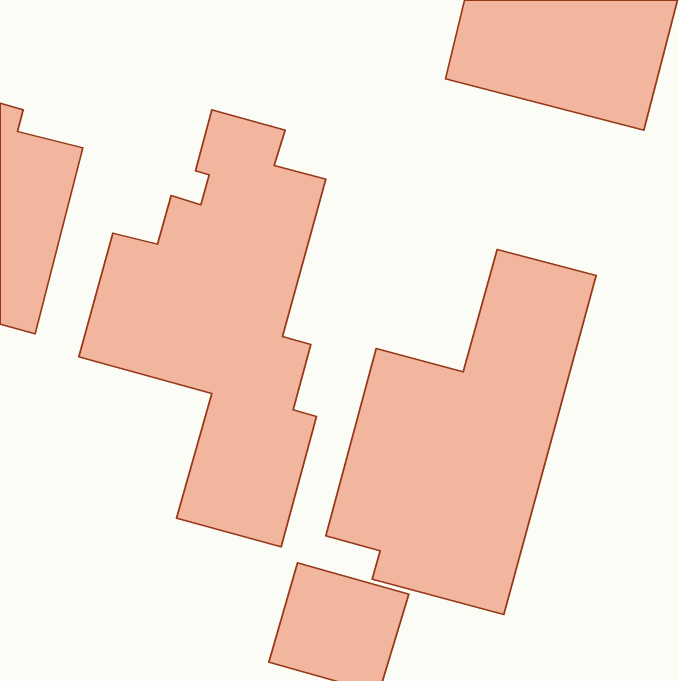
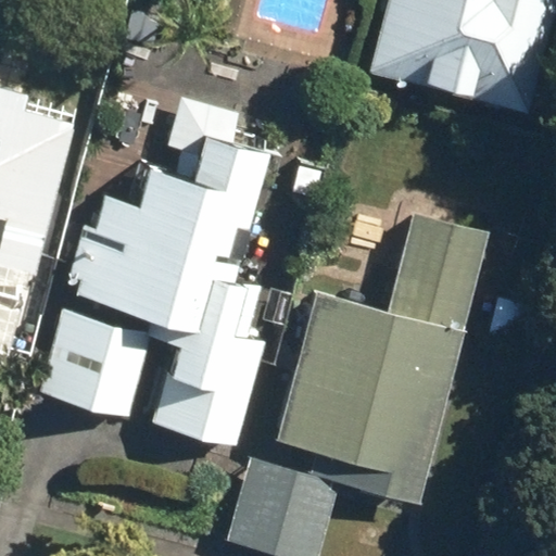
building: none -> [41,309,153,417]

